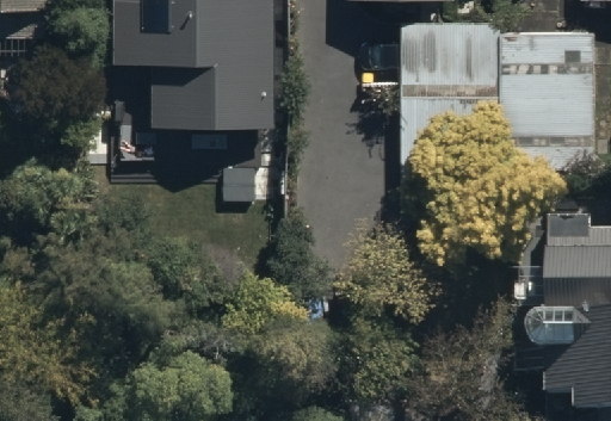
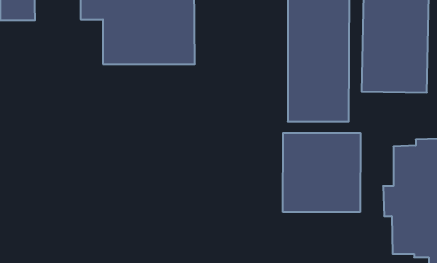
building: none -> [283,133,360,212]

